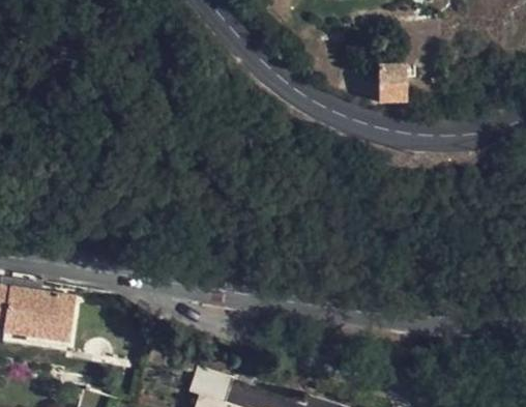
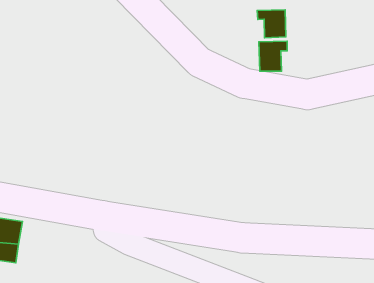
building: none -> [257,10,286,38]

